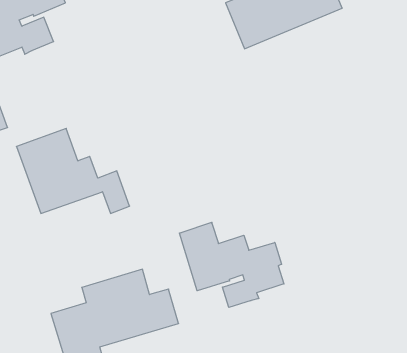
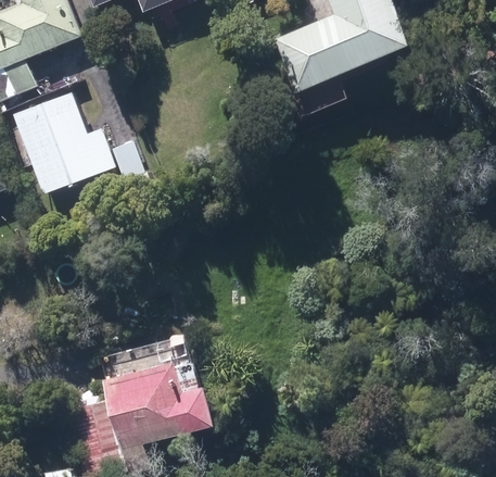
building: [16,128,130,213] -> [13,91,149,193]
building: [179,222,284,307] -> none

